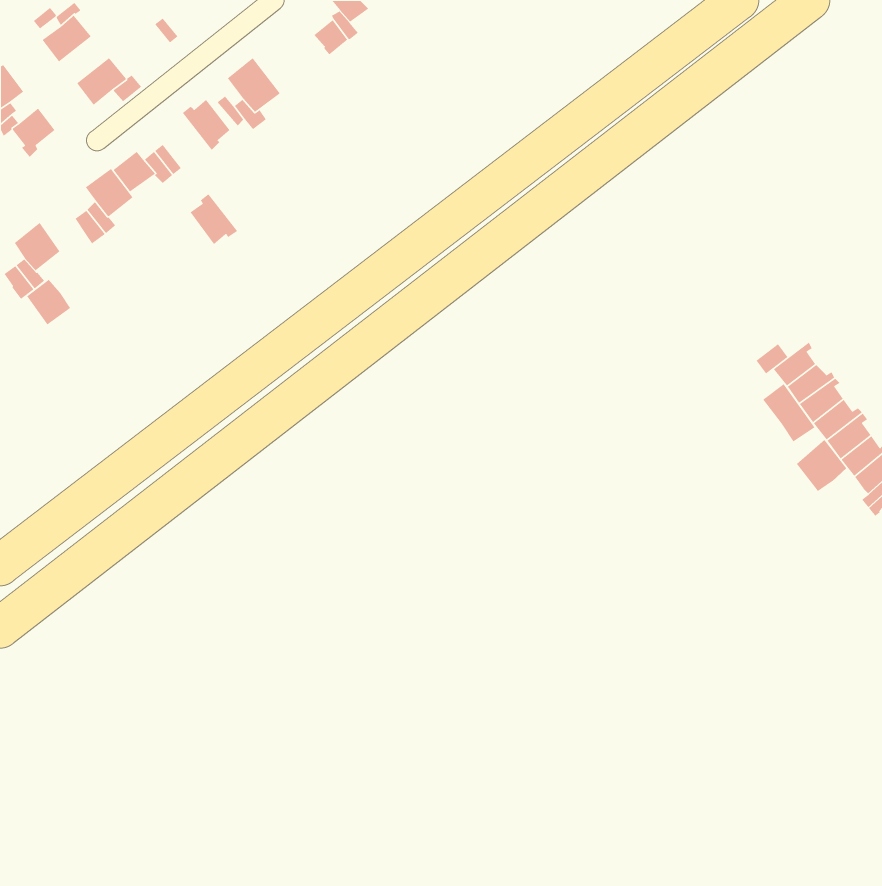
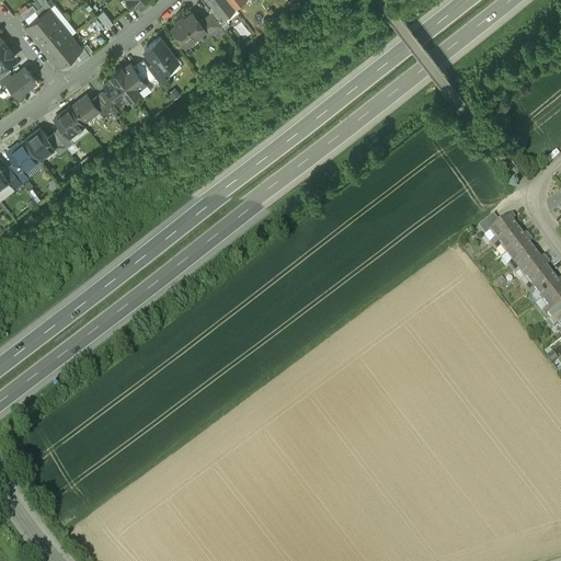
building: none -> [174,13,207,45]
building: none -> [39,23,71,53]
building: [190,193,238,245] -> [105,71,136,104]
building: [26,279,71,326] -> [27,129,56,159]
building: [762,383,816,444] -> none
building: [796,439,847,493] -> none

